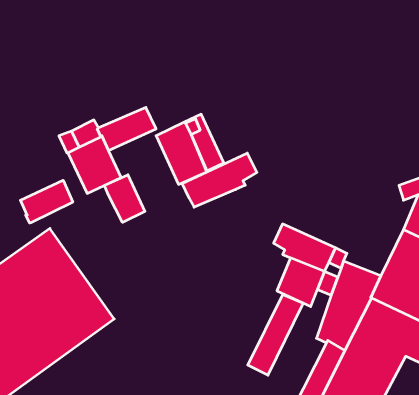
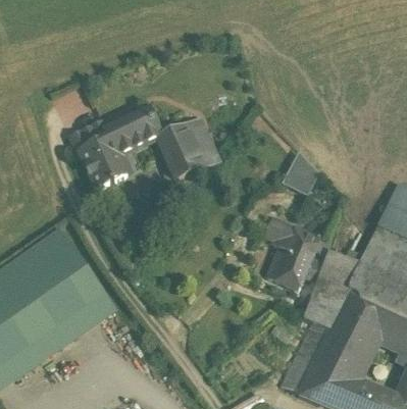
building: [182,153,257,207] -> none
building: none -> [285,156,316,195]
building: [105,175,145,222] -> none
building: [20,180,73,223] -> none
building: [248,295,303,375] -> none

